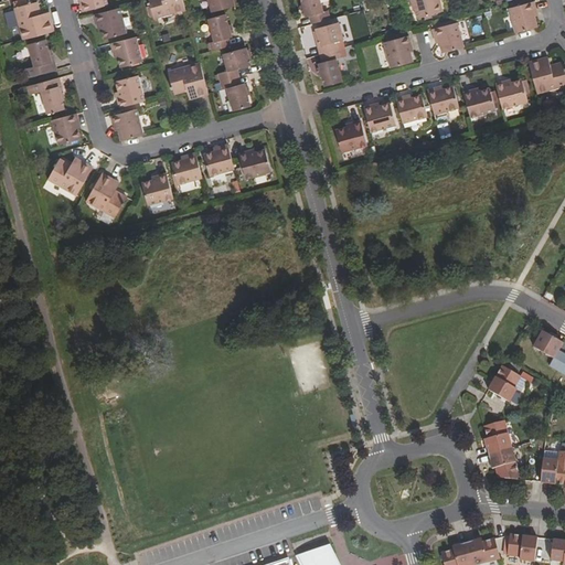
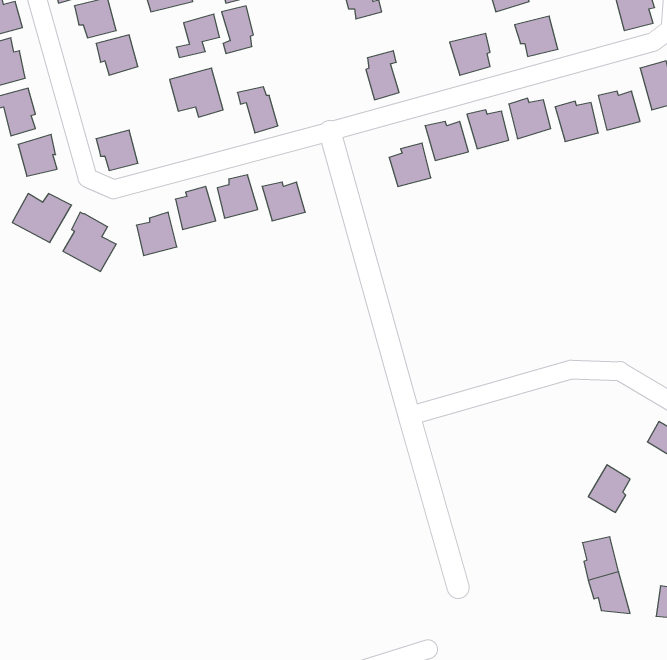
building: [312,22,344,54] -> none
building: [217,47,250,81] -> [176,14,220,57]
building: [116,74,146,107] -> none

